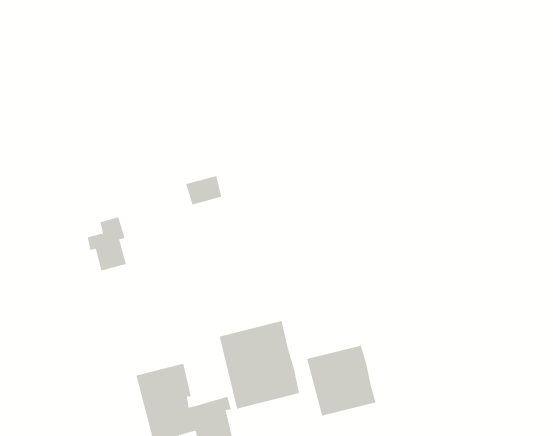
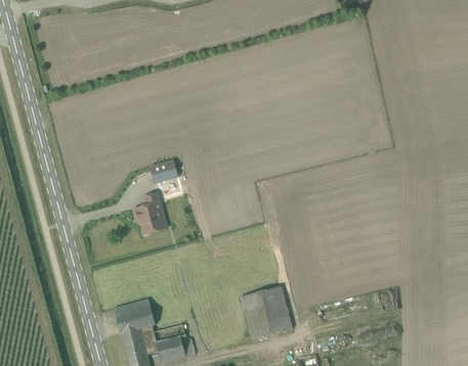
building: [87,216,127,271] -> [134,192,164,233]
building: [219,320,300,410] -> none

